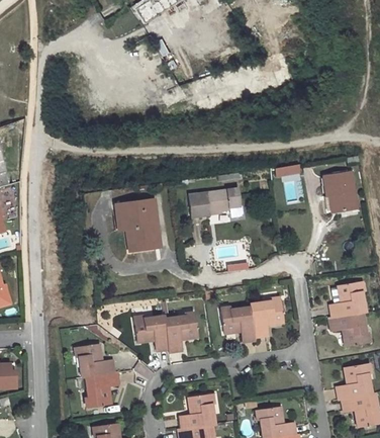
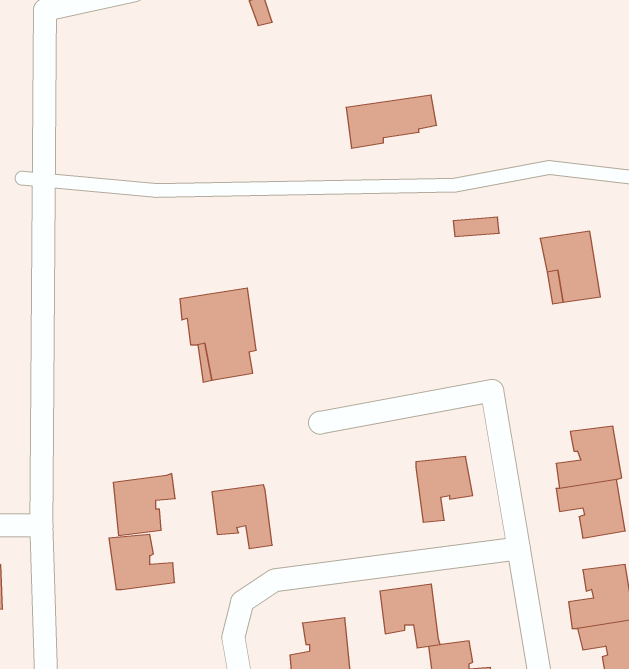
building: [187,188,239,218] -> [346,95,437,148]
building: [222,305,257,342] -> [380,584,440,648]
building: [166,315,198,353] -> none
building: [84,370,119,406] -> [113,474,175,536]

